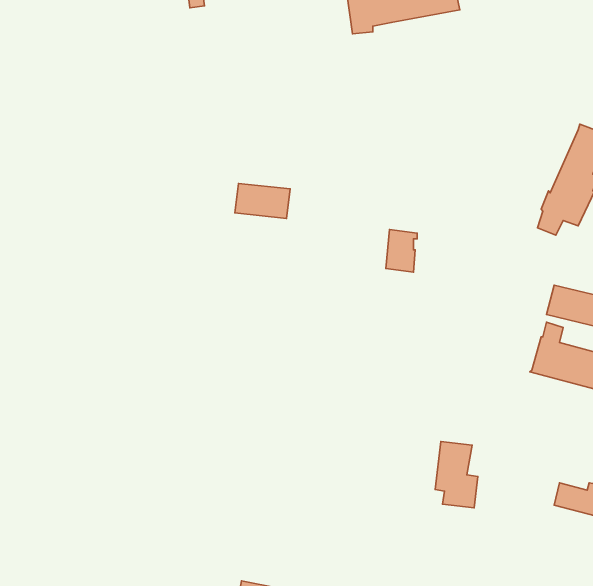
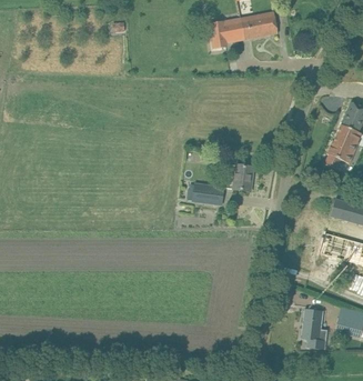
building: [235,183,290,218] -> [190,183,223,204]
building: [435,441,478,508] -> [301,309,326,349]

